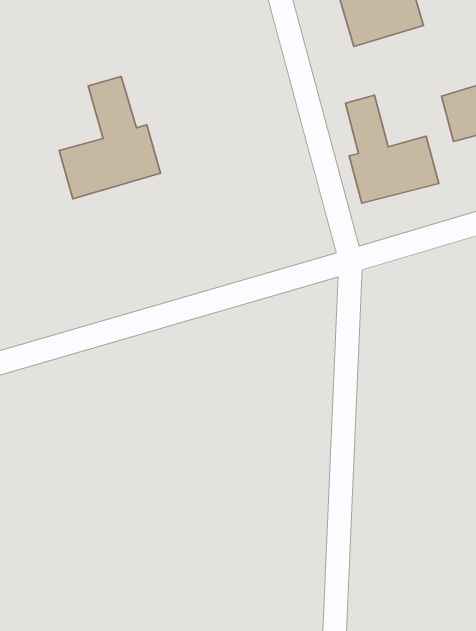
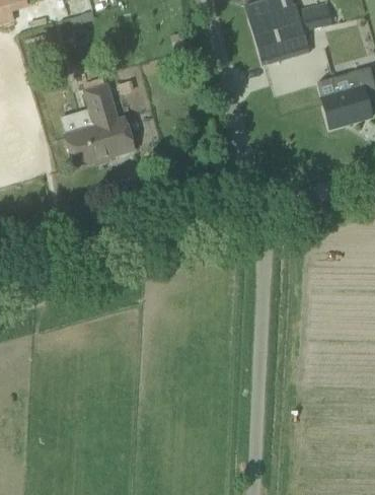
building: [345,95,439,203] -> none

